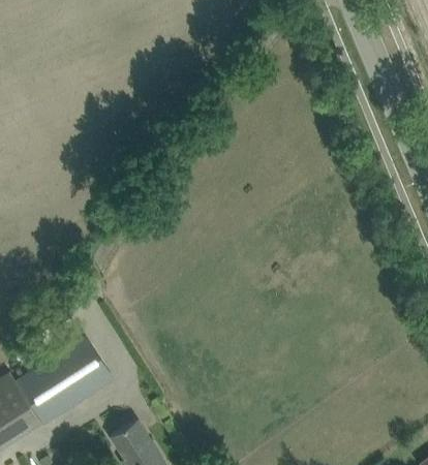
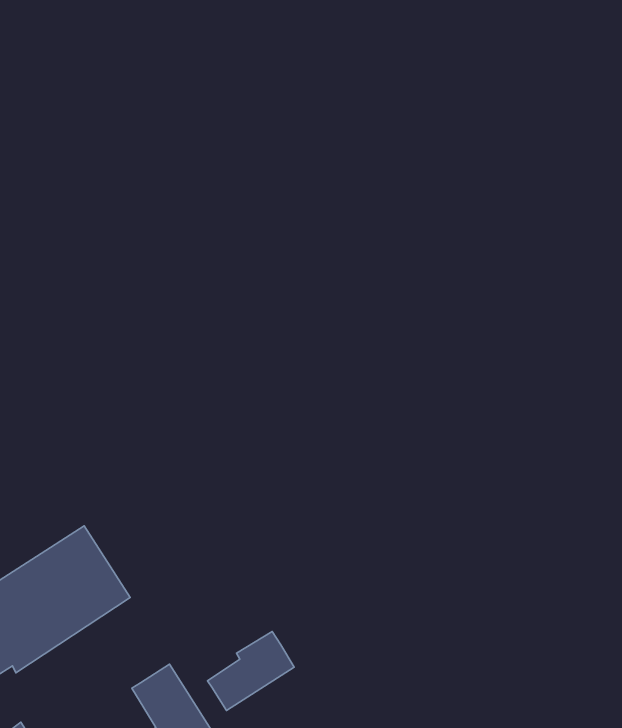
building: none -> [208,632,294,710]

